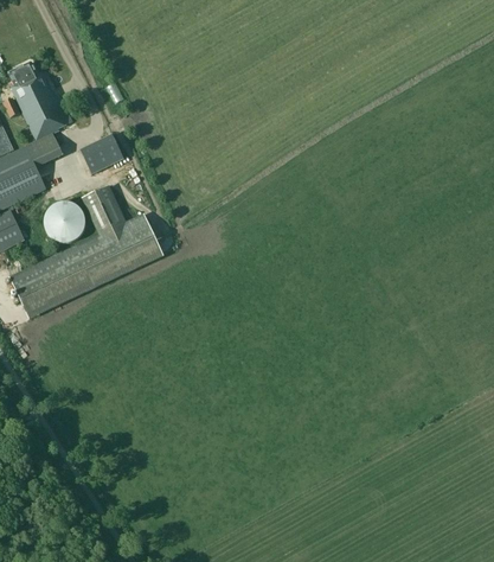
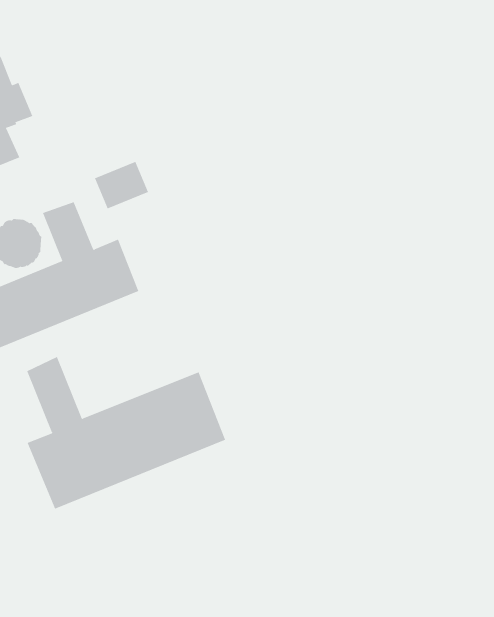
building: [79,133,123,172] -> [94,161,149,209]
building: none -> [26,356,226,510]

